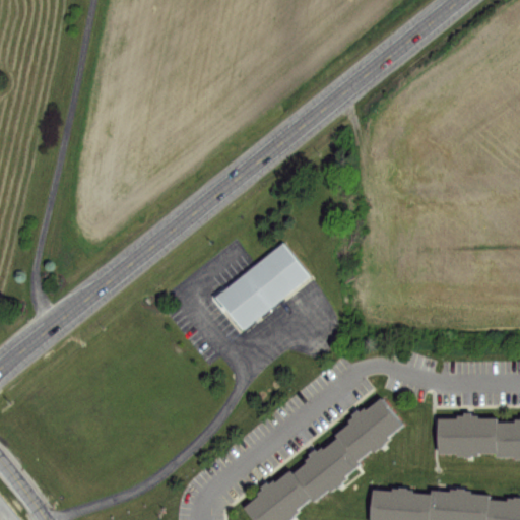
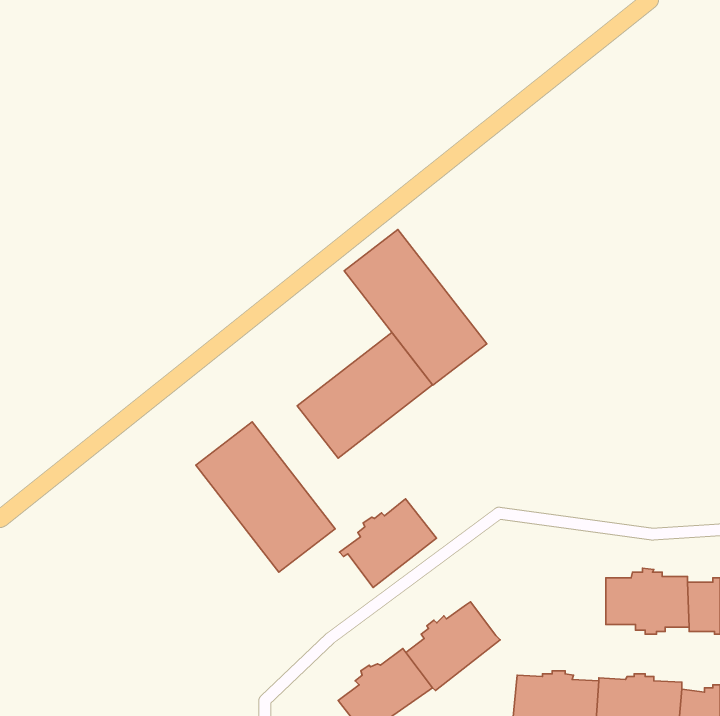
building: none -> [344,229,487,385]
building: none -> [196,422,335,572]
building: [333,397,403,461] -> [339,499,437,588]

